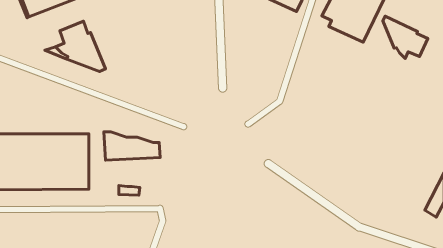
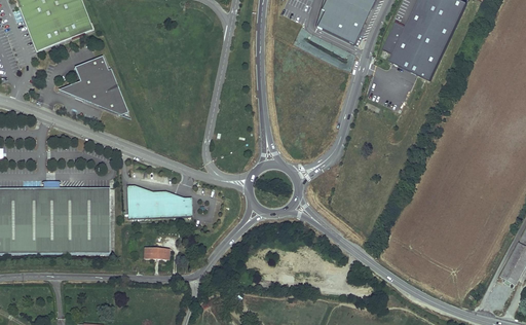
building: [383,16,428,59] -> none

